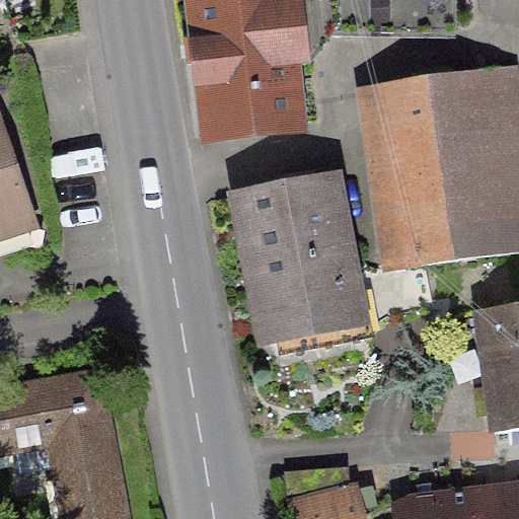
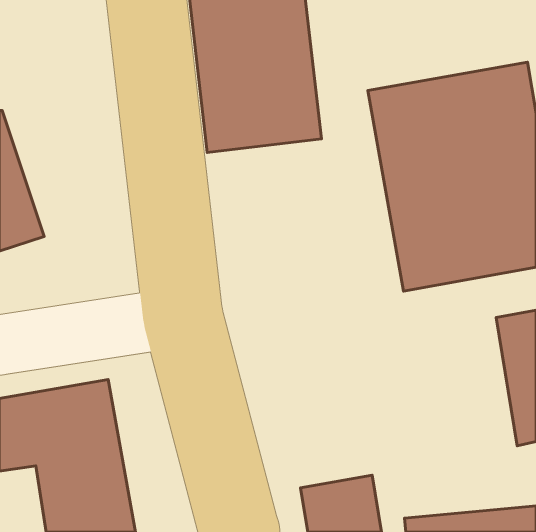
building: [228,176,370,352] -> none

